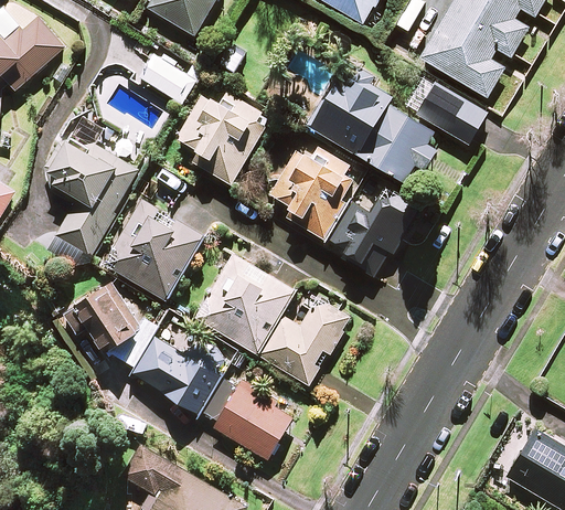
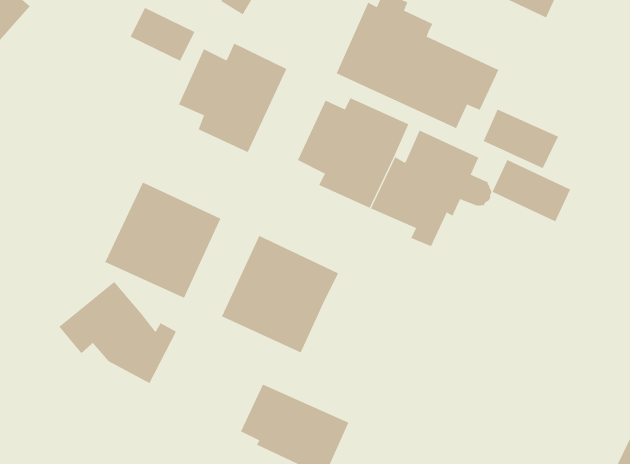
building: [420,85,483,138] -> [483,109,559,169]
building: [41,141,137,256] -> none
building: none -> [492,159,571,222]
building: [257,299,351,384] -> none
building: [131,334,231,414] -> none

